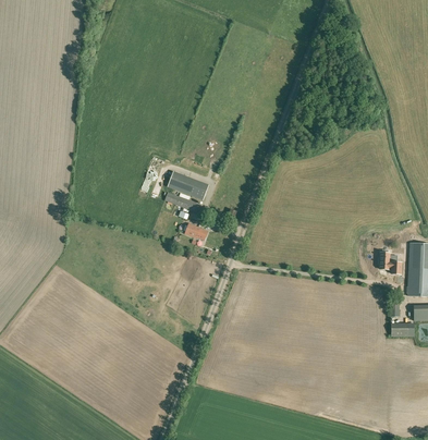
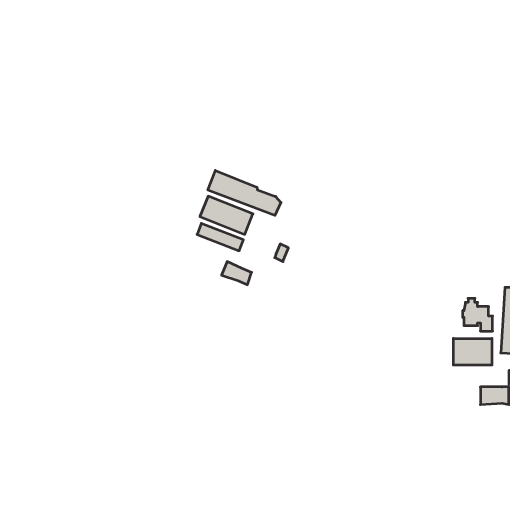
building: none -> [208,170,281,215]
building: none -> [453,338,492,365]

